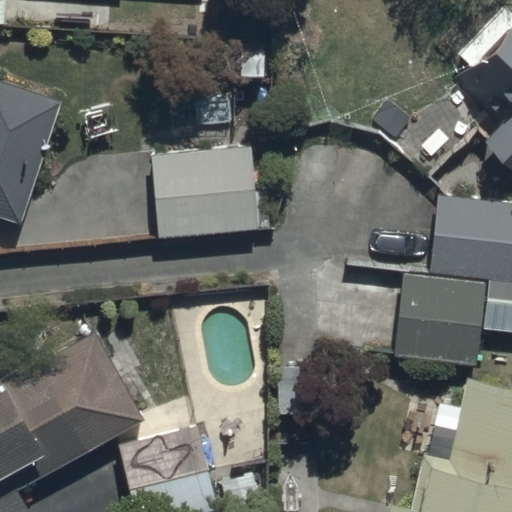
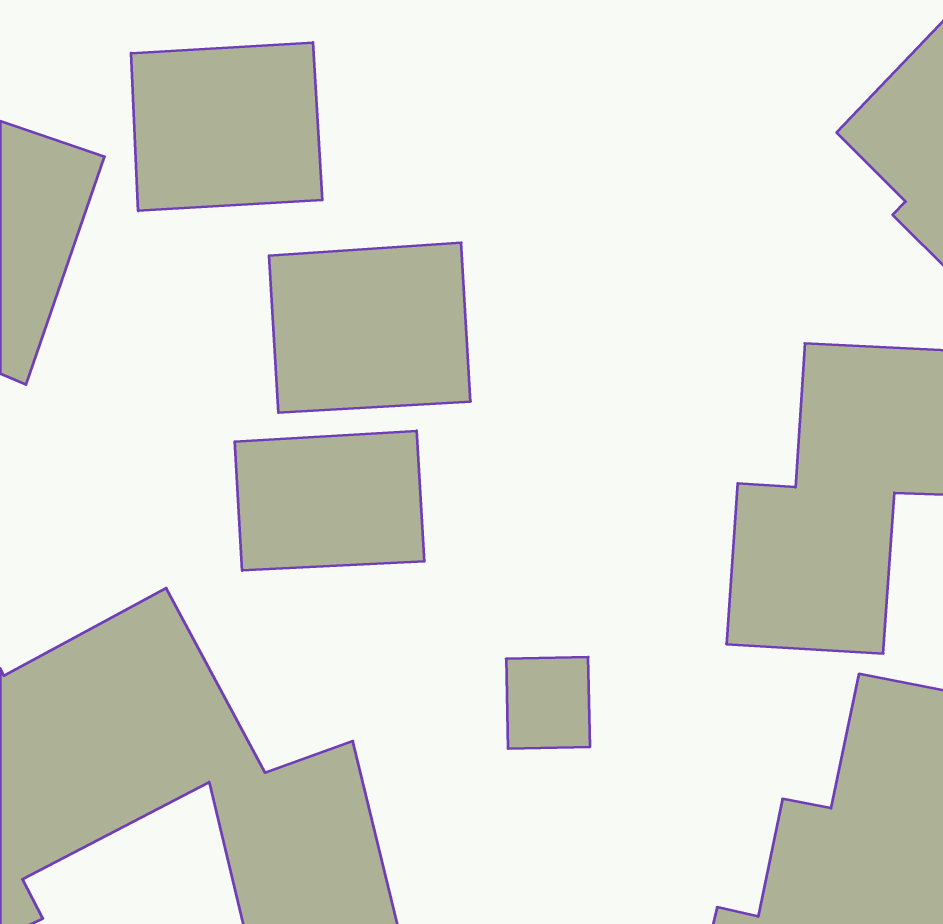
building: none -> [131,42,322,211]
building: none -> [235,431,424,571]

